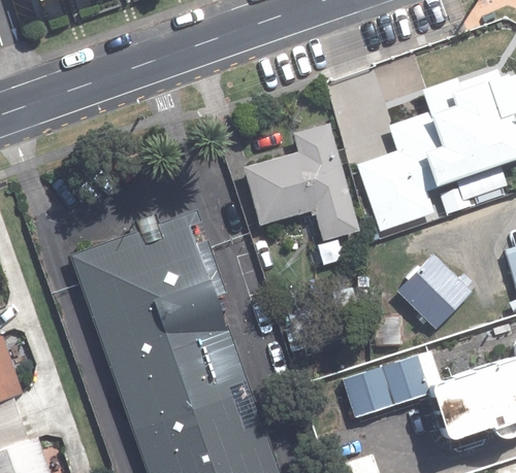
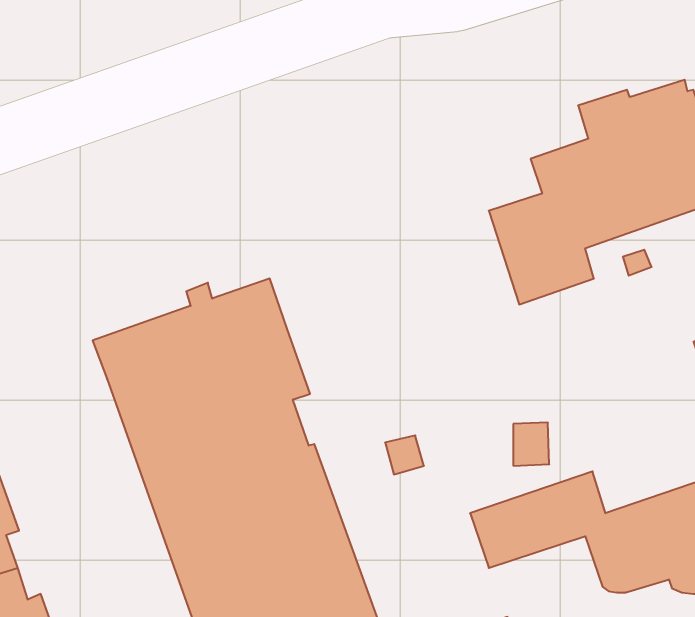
building: [239,124,357,241] -> none
building: [394,254,471,330] -> none

